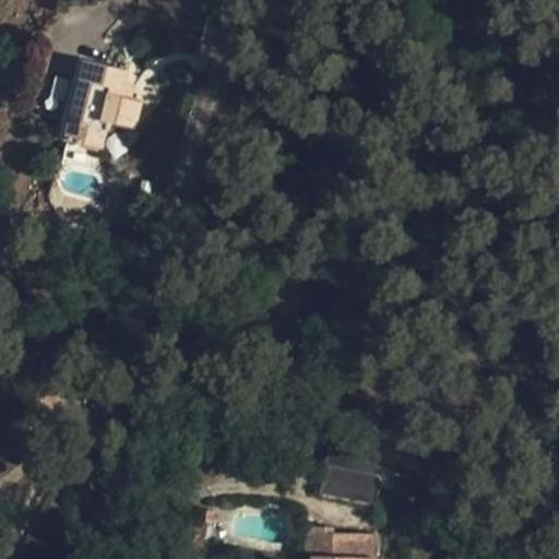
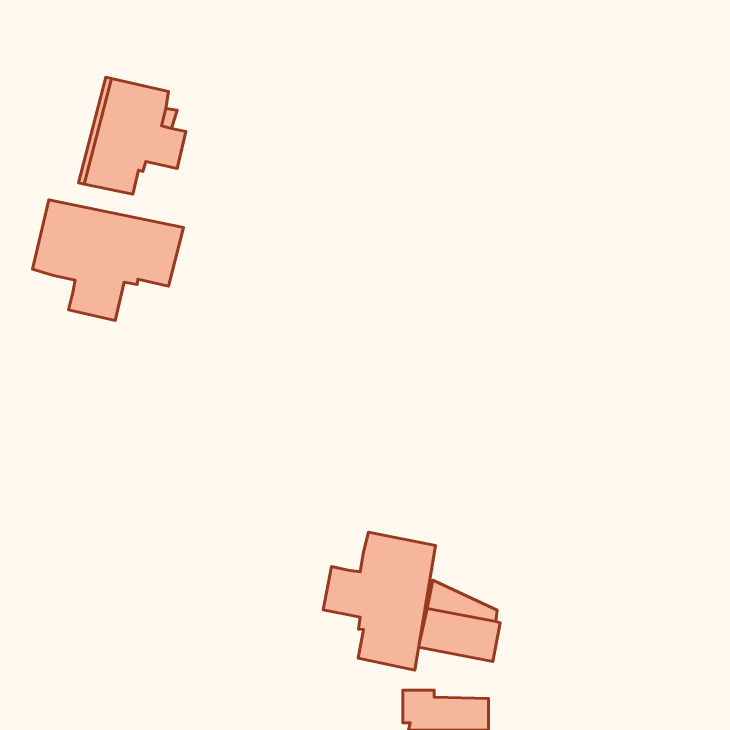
building: none -> [32,200,184,321]
building: none -> [323,532,436,670]

